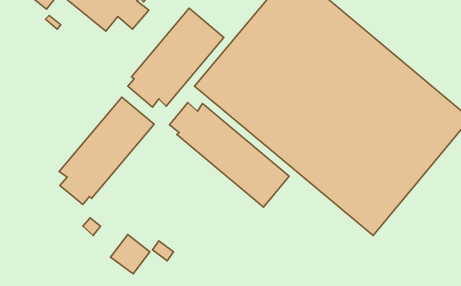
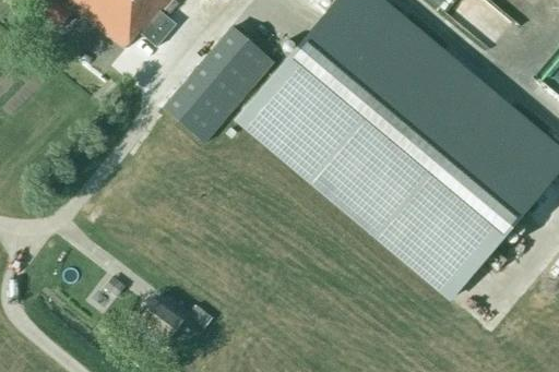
building: [59,97,154,205] -> none
building: [170,103,289,207] -> none

